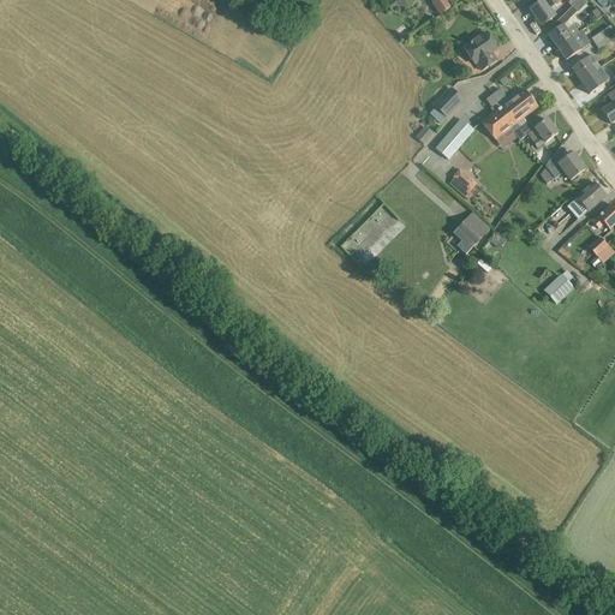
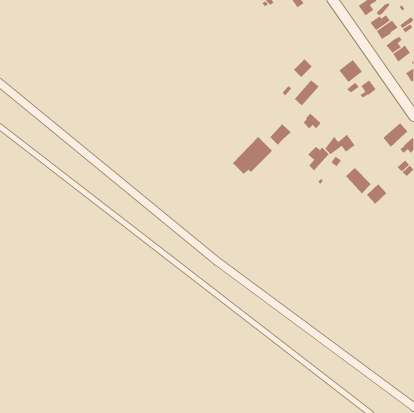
building: [464,31,496,68] -> none
building: [479,105,515,139] -> none
building: [538,151,584,183] -> [325,134,355,155]
building: none -> [269,123,291,146]
building: none -> [345,167,372,194]

